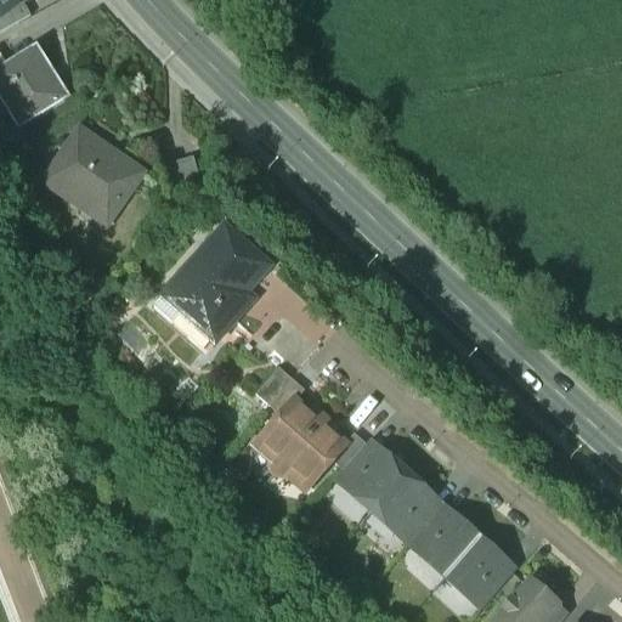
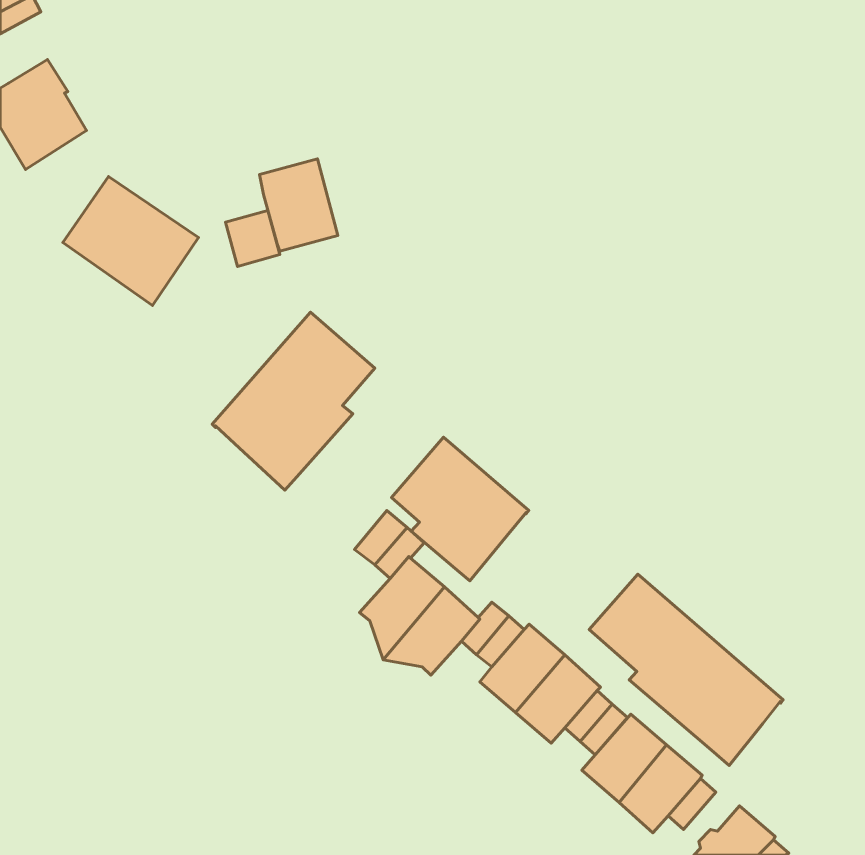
building: none -> [259,159,338,251]
building: none -> [391,437,529,581]
building: none -> [589,574,783,765]

